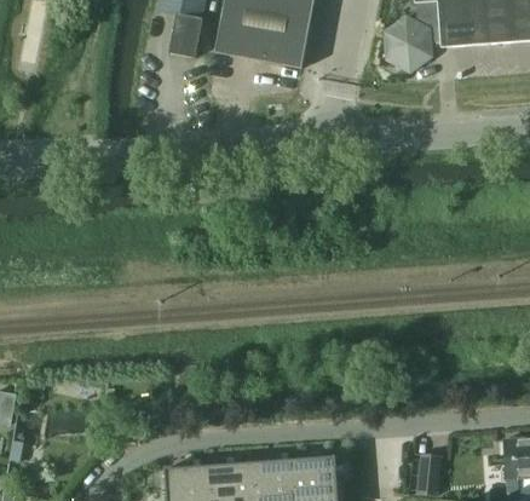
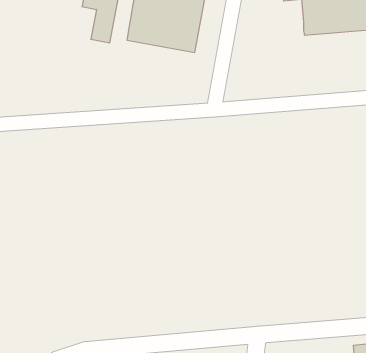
building: [385,15,440,71] -> none

